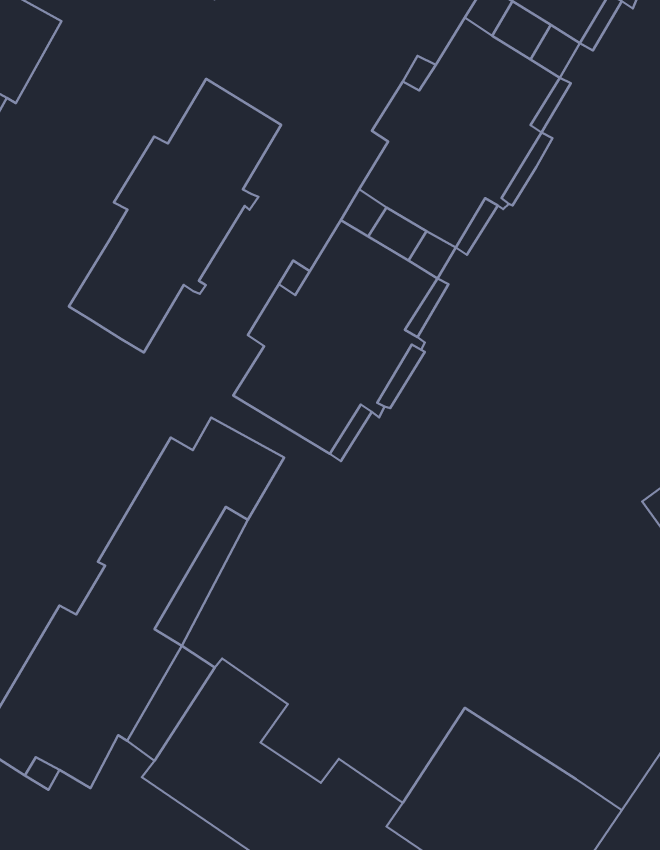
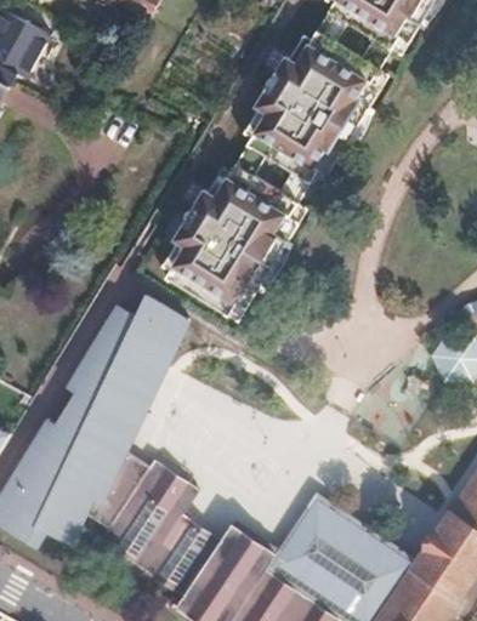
building: [69,79,281,352] -> none

